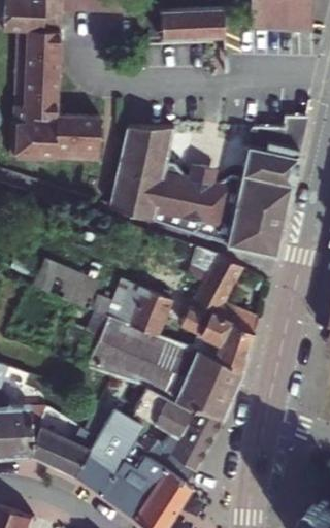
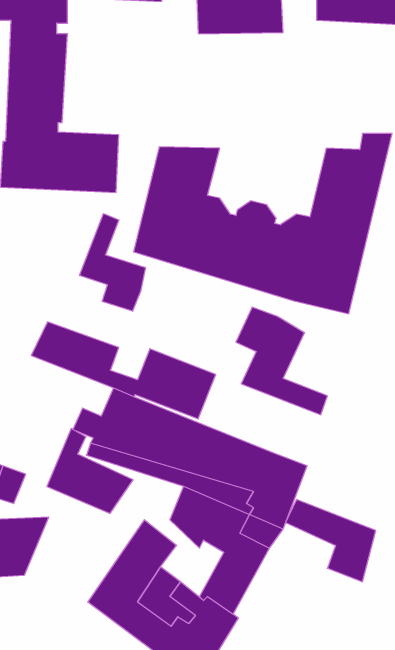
building: none -> [80,214,145,311]
building: [185,306,254,369] -> [286,500,376,582]
building: [27,408,93,473] -> [47,429,133,513]

